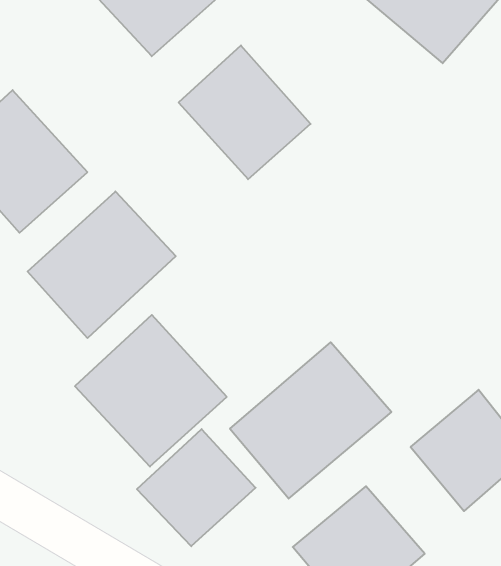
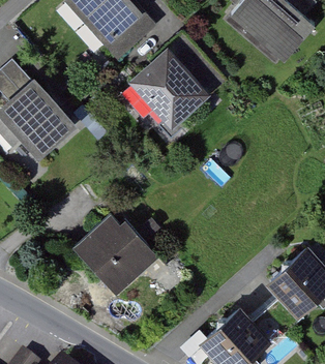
building: [28,191,176,338] -> none
building: [230,342,391,499] -> none
building: [137,429,256,546] -> none

